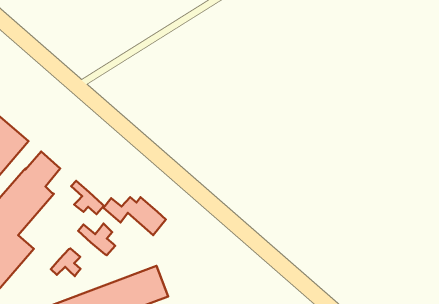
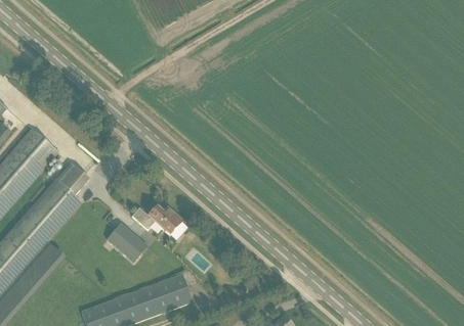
building: [71,181,104,214] -> none
building: [51,248,80,276] -> none

